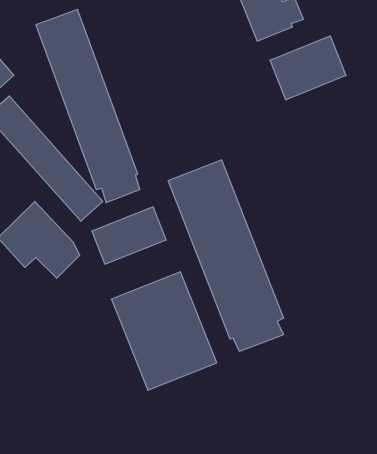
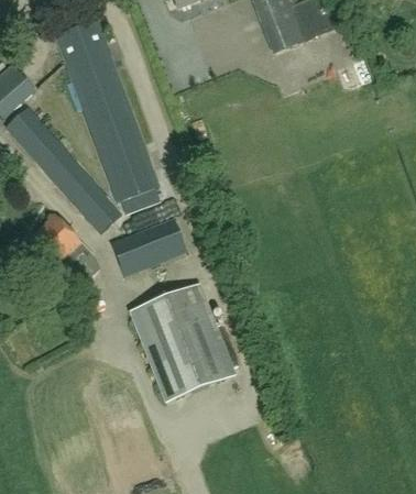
building: [270,36,346,100] -> none
building: [168,160,284,351] -> none

